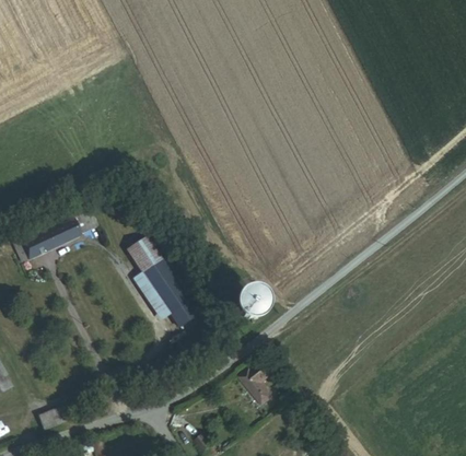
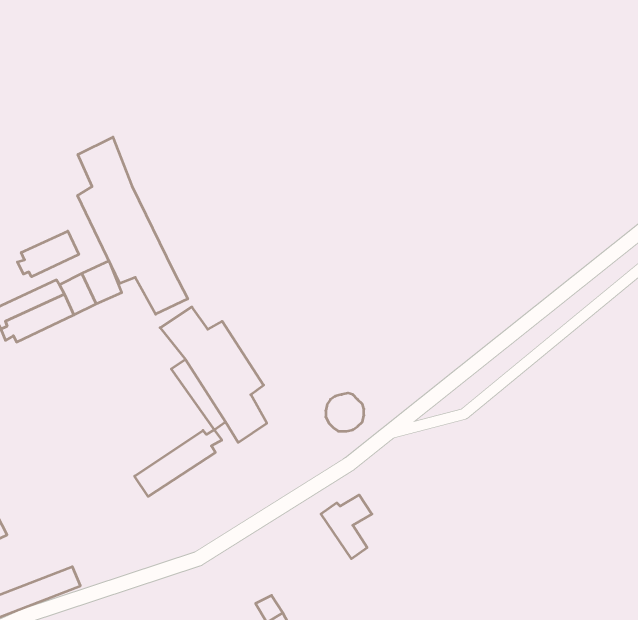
building: none -> [78,137,188,314]
building: none -> [17,231,79,277]
building: none -> [135,430,222,496]

